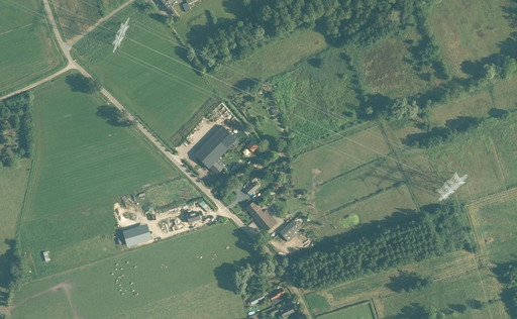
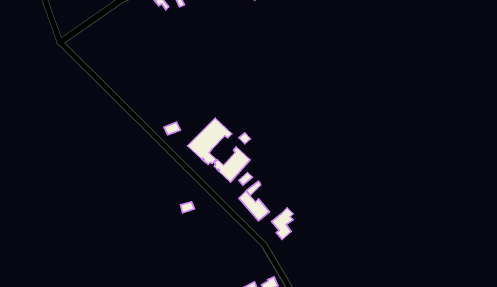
building: none -> [214,147,250,182]
building: [122,223,150,245] -> none

